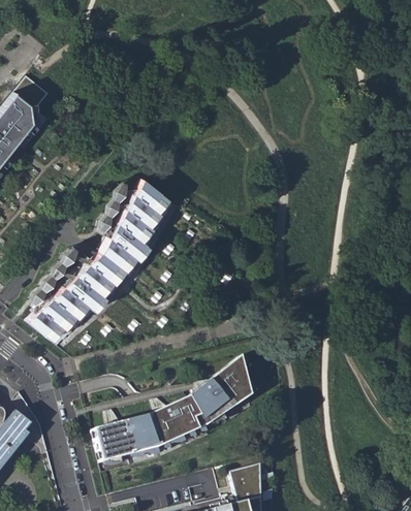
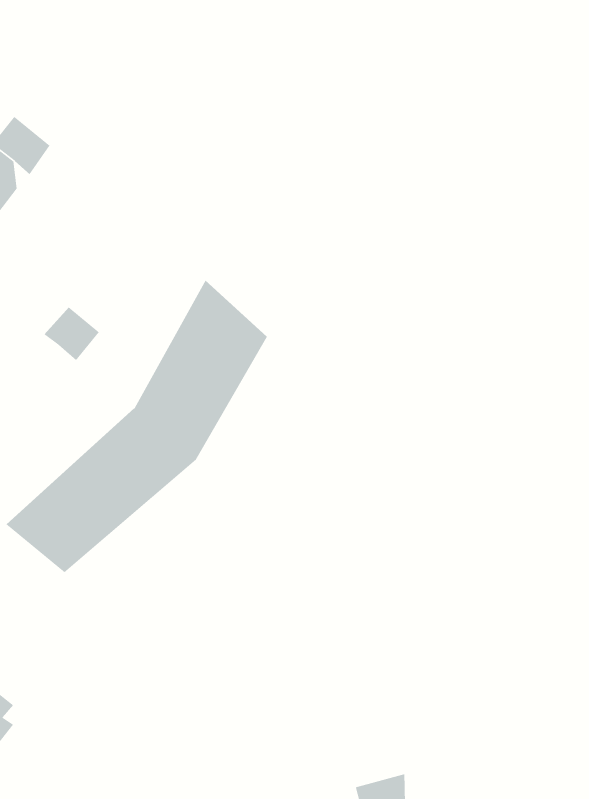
building: none -> [43,307,100,361]
building: [92,357,249,464] -> none

